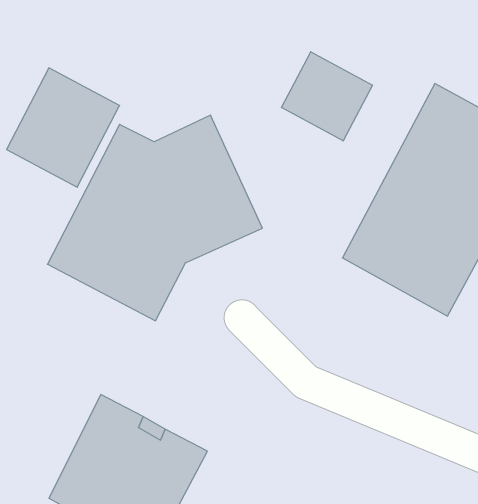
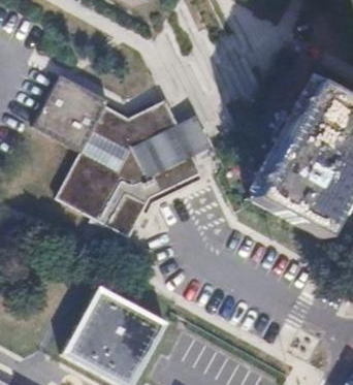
building: [281,52,372,141] -> none

